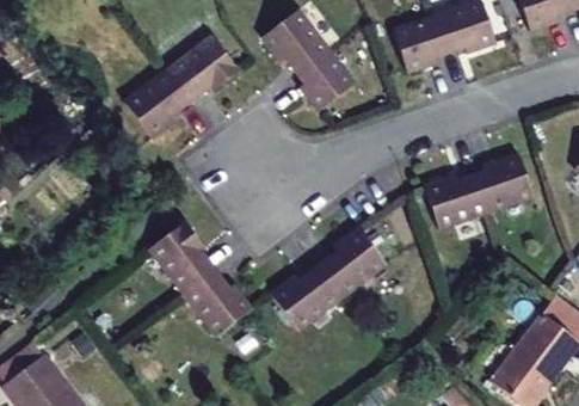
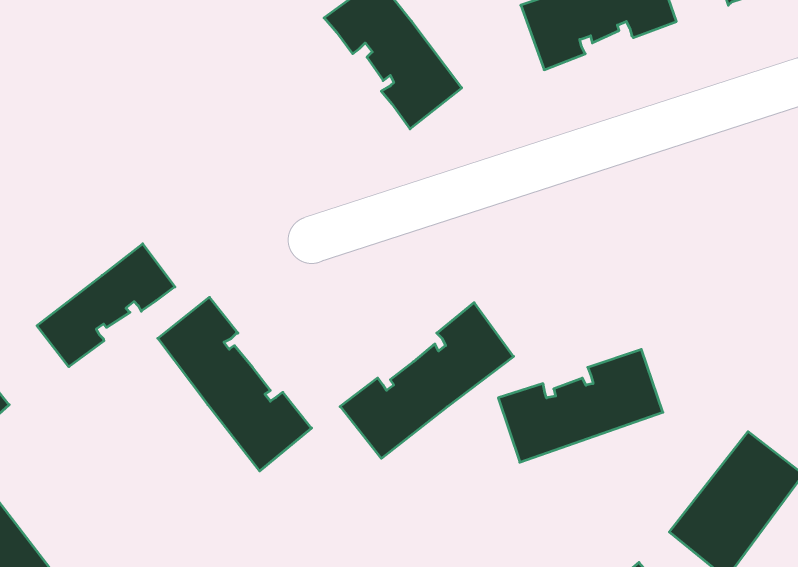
building: [122,36,238,140] -> none
building: [425,153,535,228] -> [498,349,663,462]
building: none -> [37,244,175,367]

